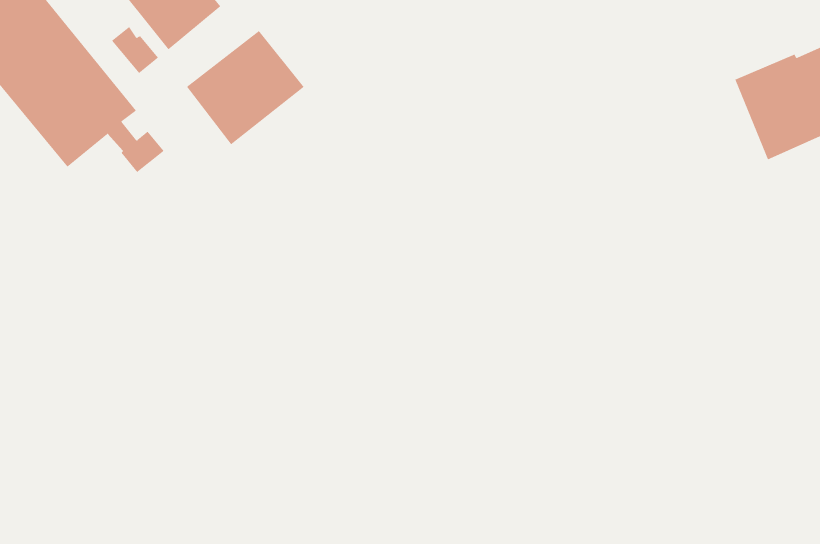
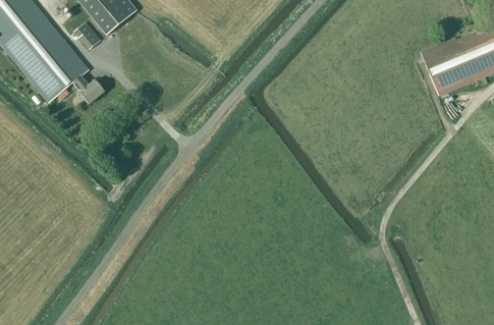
building: [186,30,304,145] -> none

